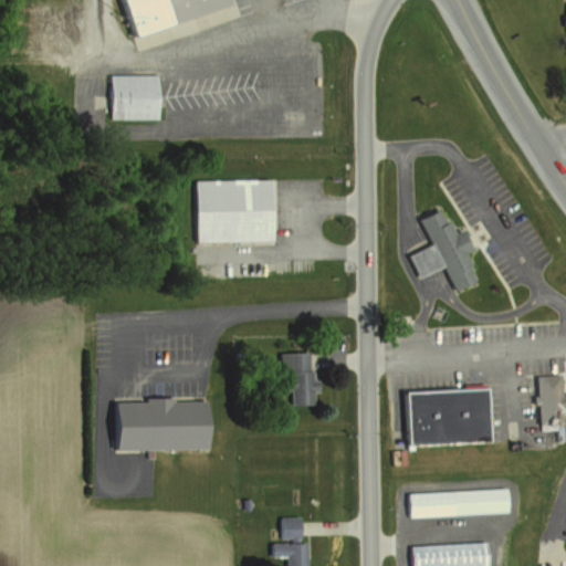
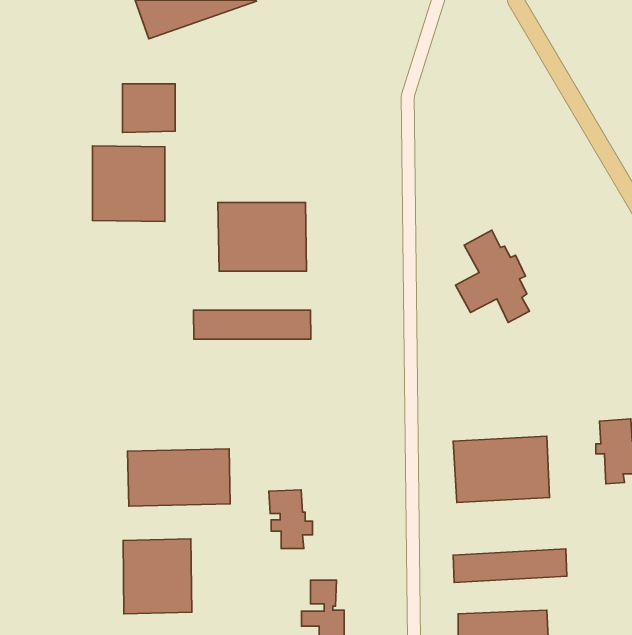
building: none -> [93,146,165,221]
building: none -> [194,310,311,339]
building: [282,352,321,403] -> [269,490,313,549]
building: none -> [123,539,192,614]

